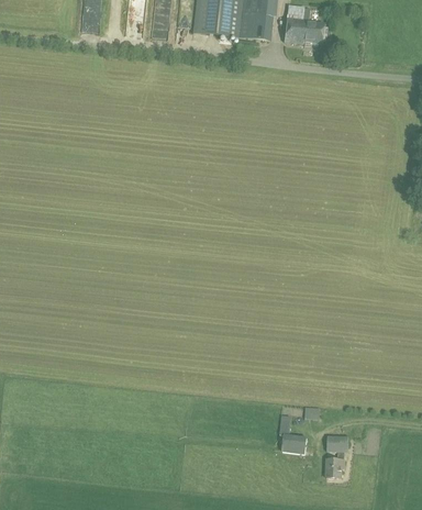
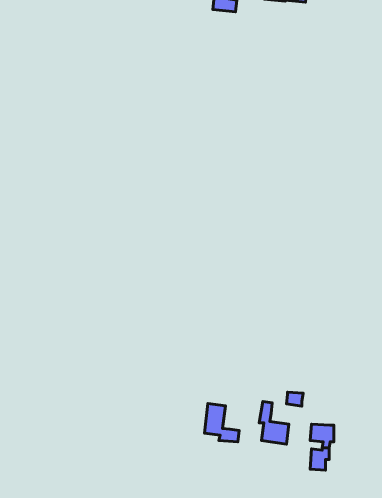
building: none -> [204,403,239,442]

